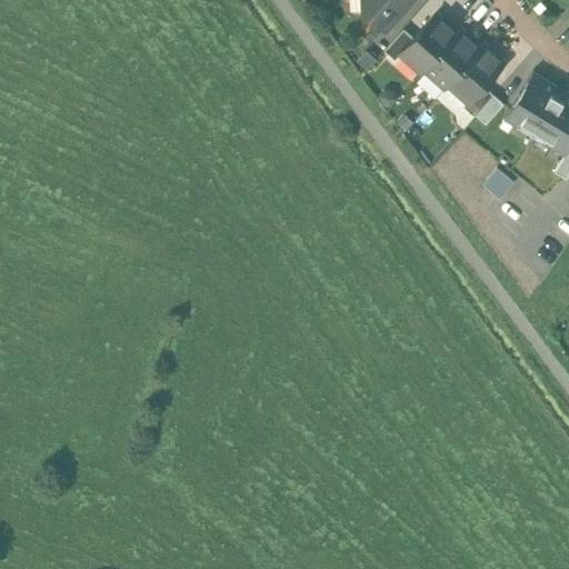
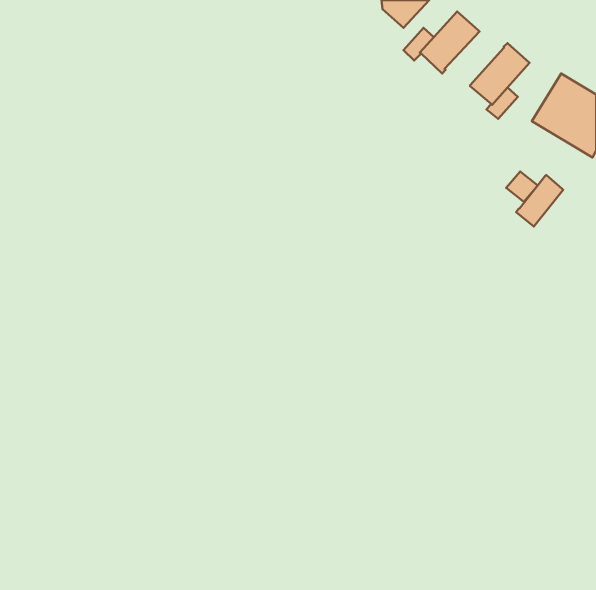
building: [423,31,480,91] -> none
building: none -> [516,175,563,226]

